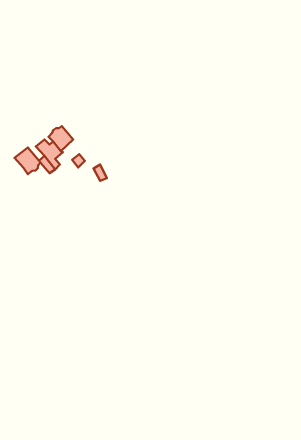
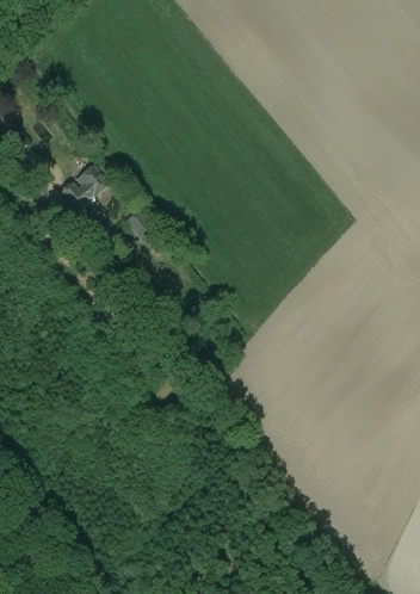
building: [14,147,40,174] -> none

